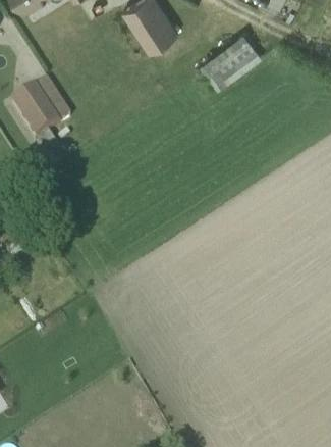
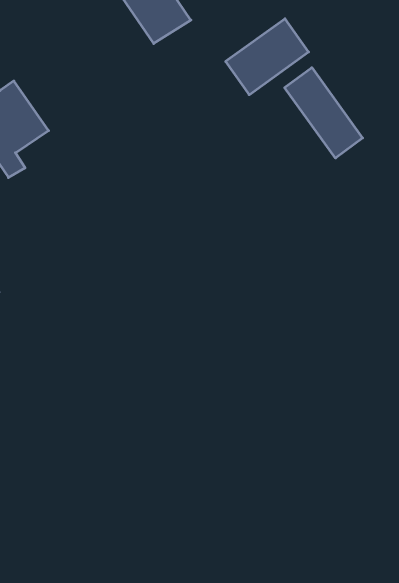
building: none -> [285,68,363,158]

